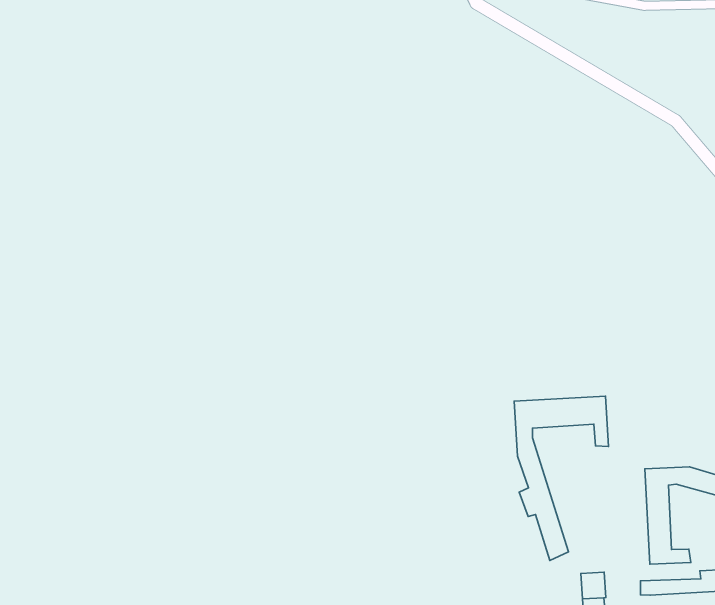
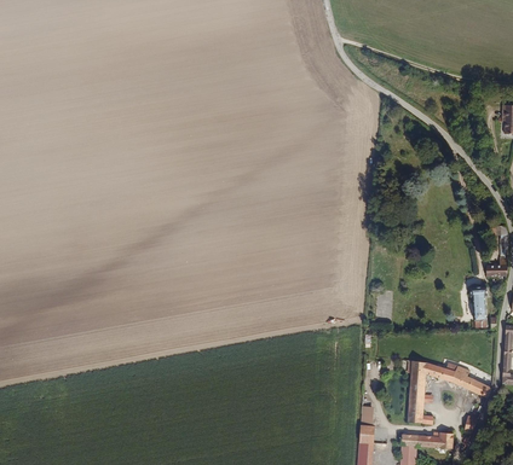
building: [514,396,609,560] -> none

